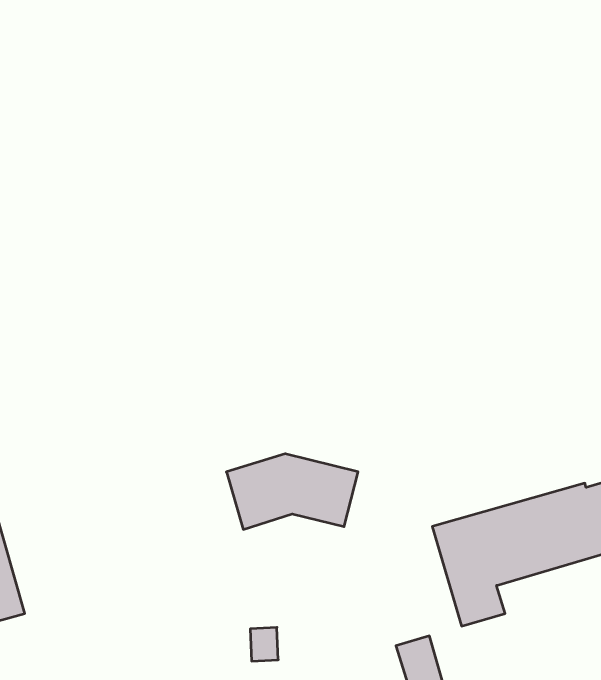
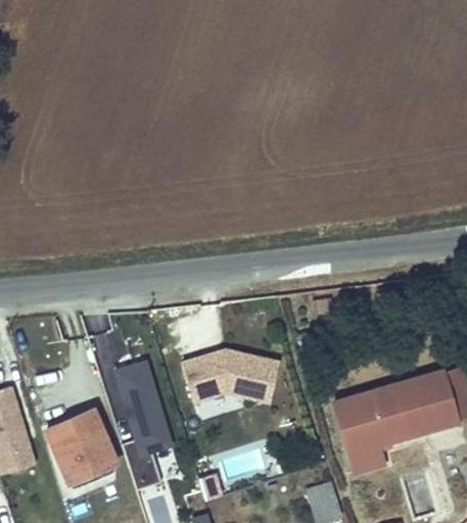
building: none -> [115,362,171,455]
building: none -> [45,408,121,484]

